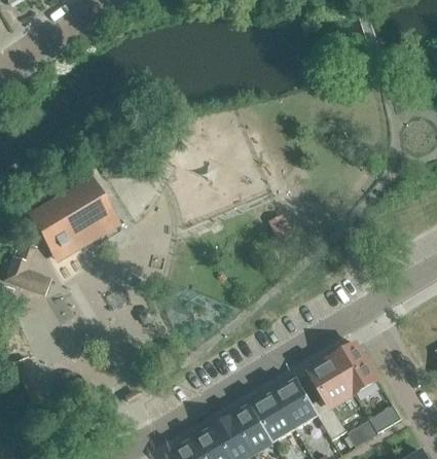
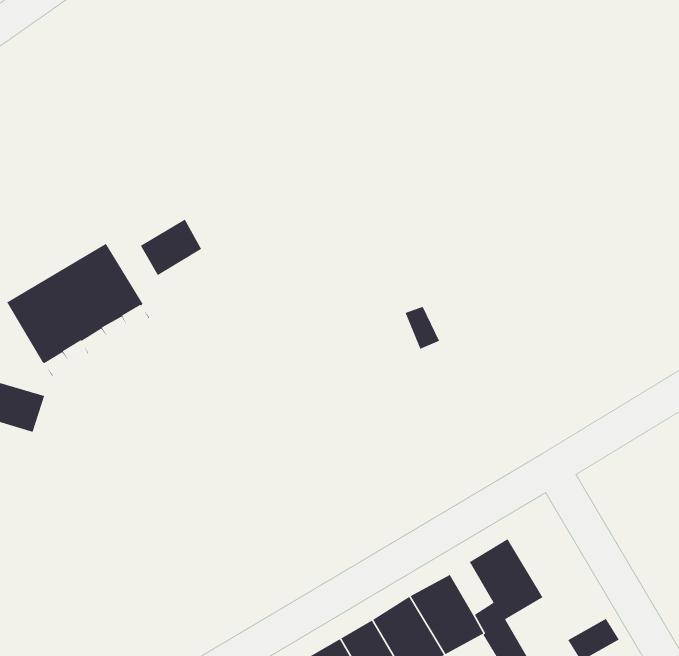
building: none -> [140,219,202,277]
building: [332,344,377,393] -> none

